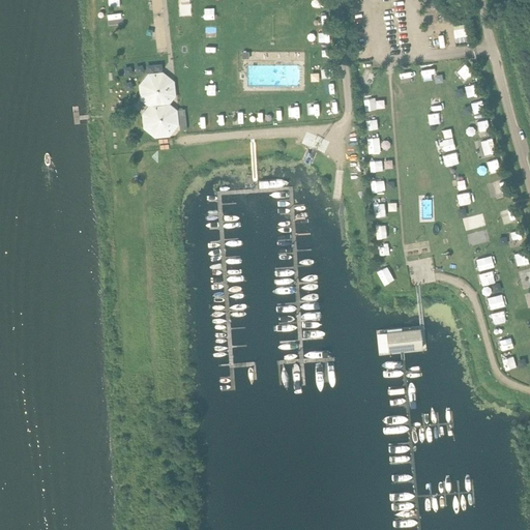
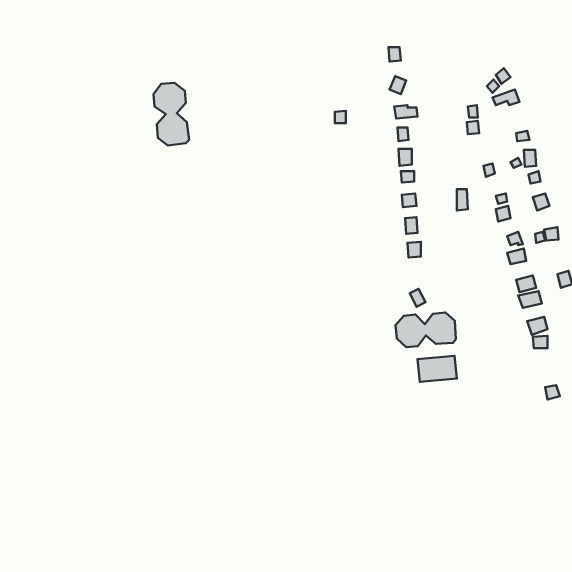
building: none -> [396,312,456,347]

